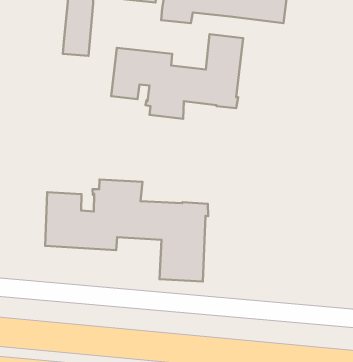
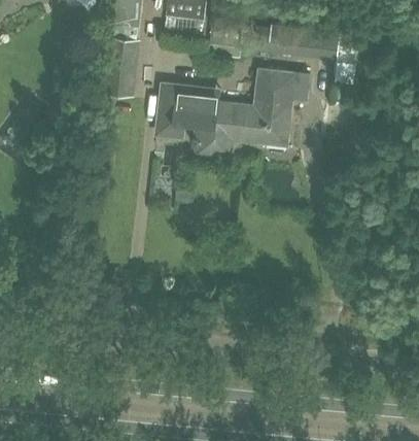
building: [45,179,208,281] -> none

